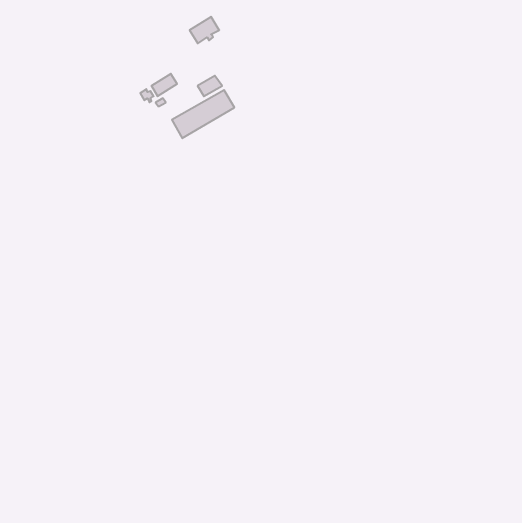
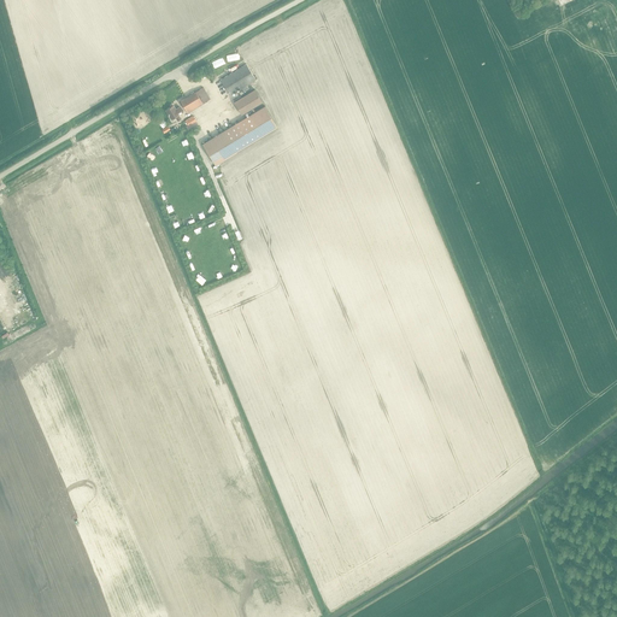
building: [190,17,219,43] -> [219,64,254,95]

